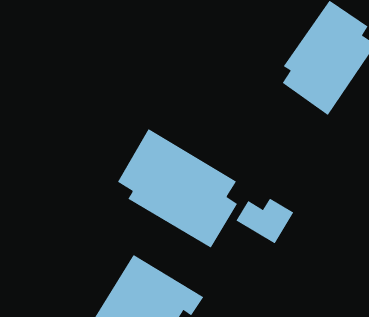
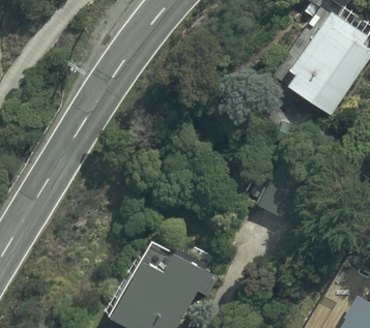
building: [117,128,238,249] -> none

